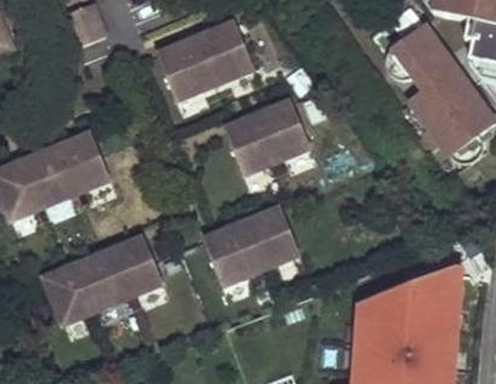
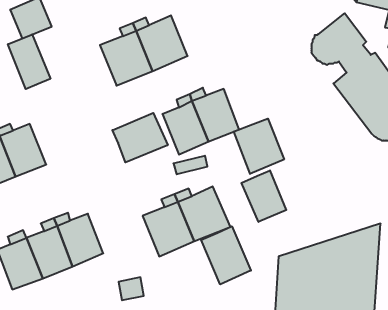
building: none -> [8,34,50,89]
building: none -> [112,113,168,162]
building: none -> [234,119,284,174]
building: none -> [241,170,286,222]
building: none -> [201,226,251,284]

